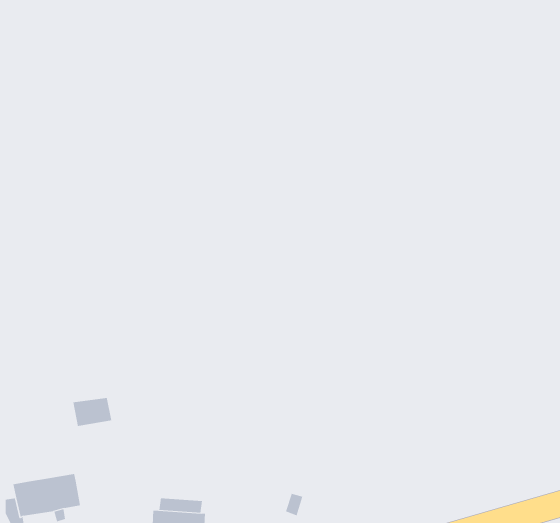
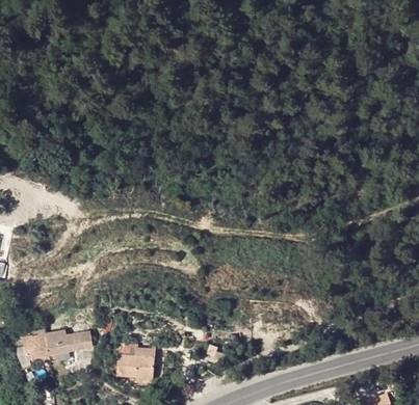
building: [73,398,112,427] -> [68,331,95,351]

